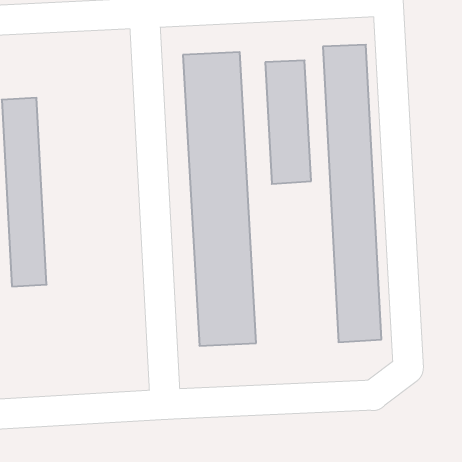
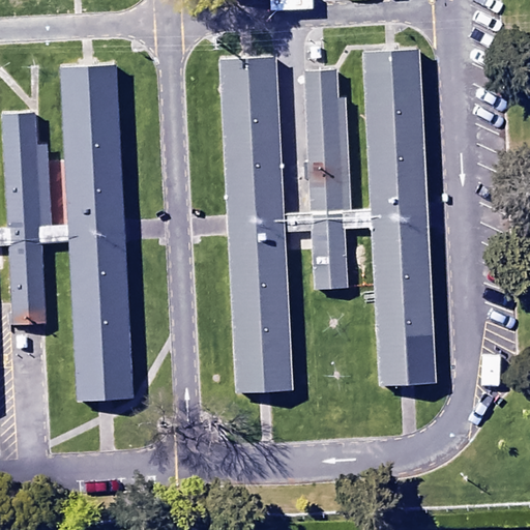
building: none -> [60,61,137,403]
building: none -> [314,215,348,288]

